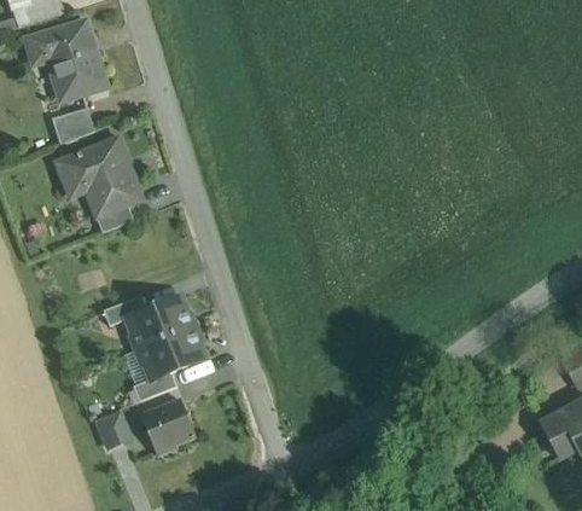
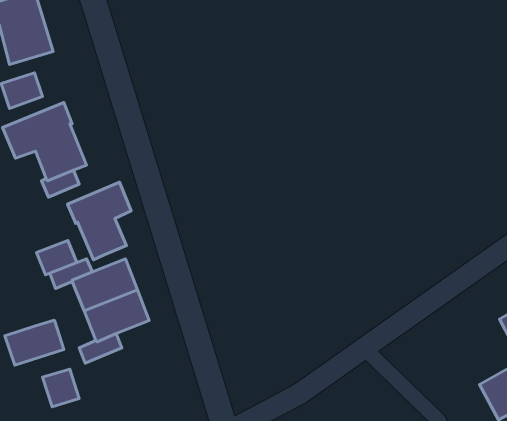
building: none -> [67,182,131,260]
building: none -> [36,240,77,275]
building: none -> [5,320,64,365]
building: [140,400,193,454] -> none

